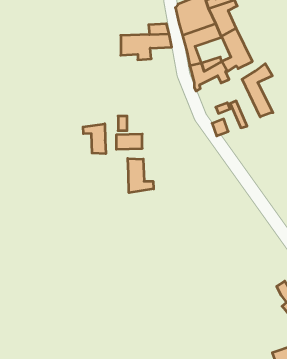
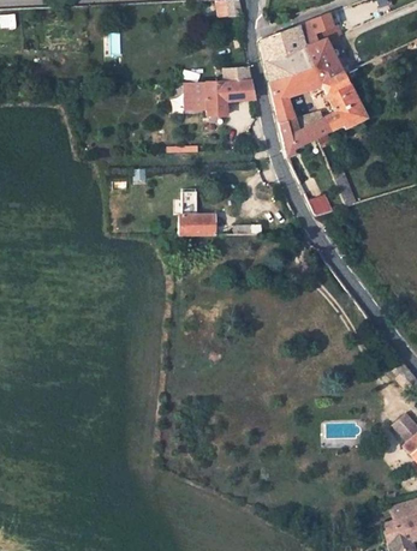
building: [242,64,273,117] -> none
building: [83,124,106,154] -> none
building: [128,158,154,193] -> none

